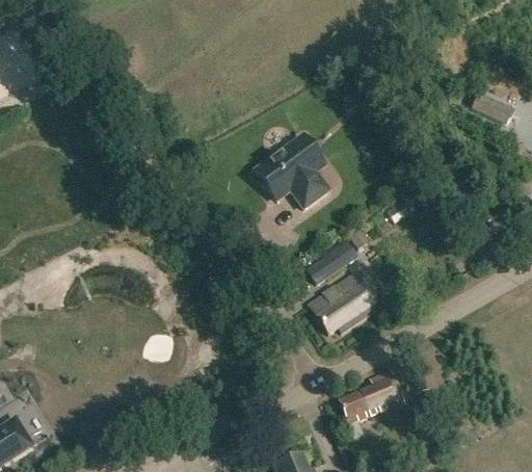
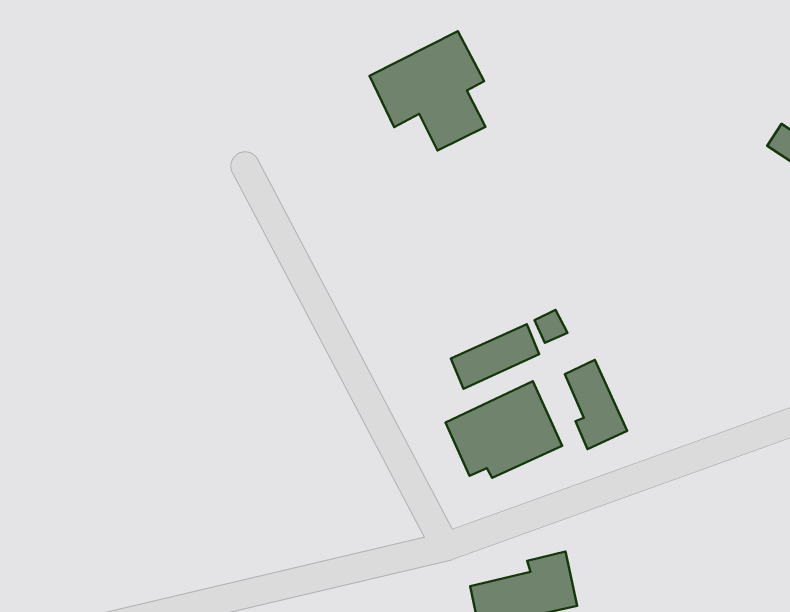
building: [256,136,329,209] -> [370,31,485,150]
building: none -> [565,360,627,449]

